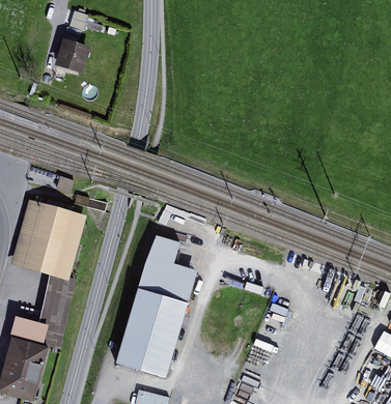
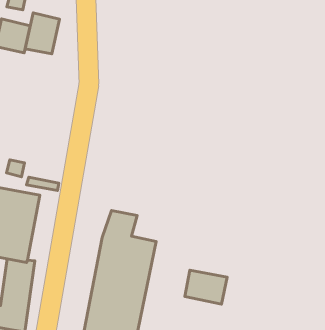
building: none -> [25,13,59,54]
building: none -> [185,270,227,304]

